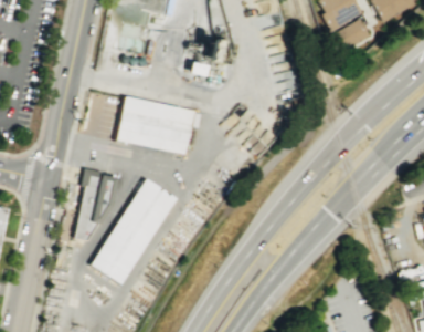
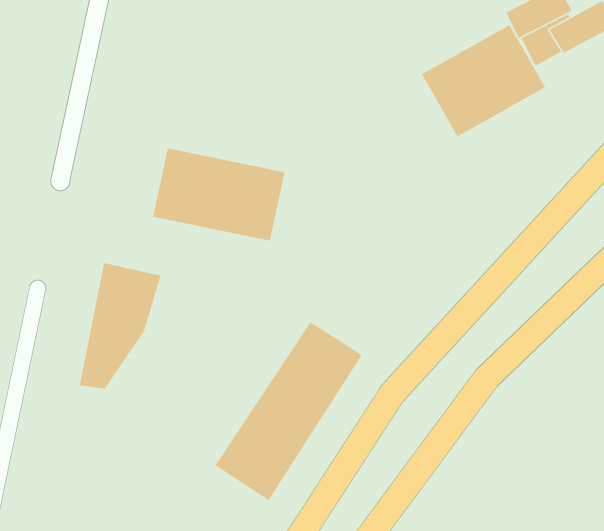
building: none -> [421,24,546,138]
building: [88,177,176,283] -> [214,321,363,501]

